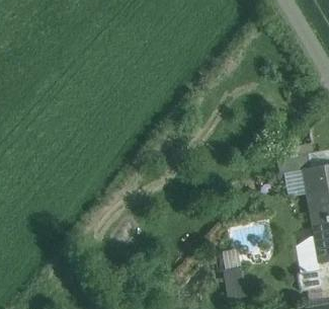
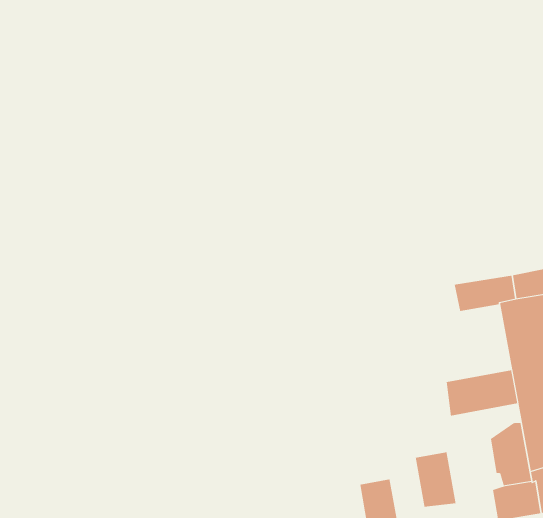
building: none -> [446,370,518,417]
building: none -> [415,452,456,508]

